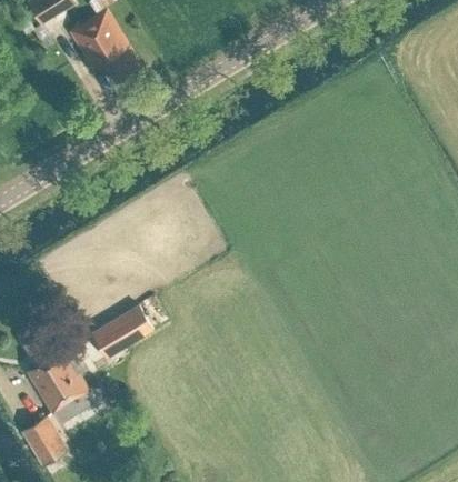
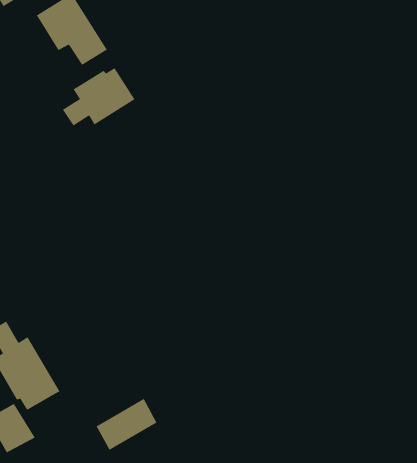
building: none -> [62,67,136,127]
building: [92,307,153,359] -> [96,398,158,451]

